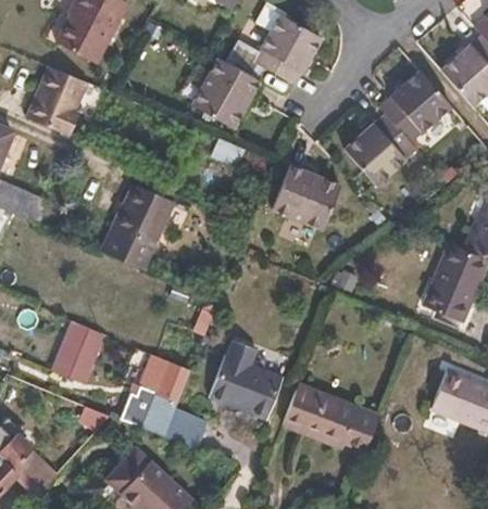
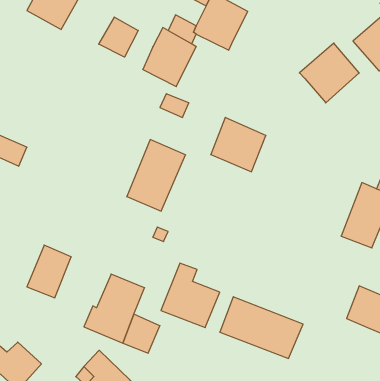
building: none -> [99,17,138,57]
building: [29,65,83,130] -> none
building: [345,118,415,189] -> none
building: [102,182,173,268] -> [127,140,186,211]

